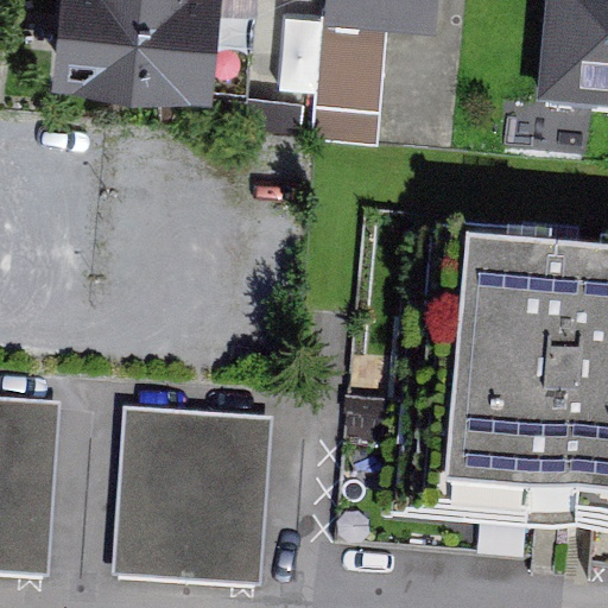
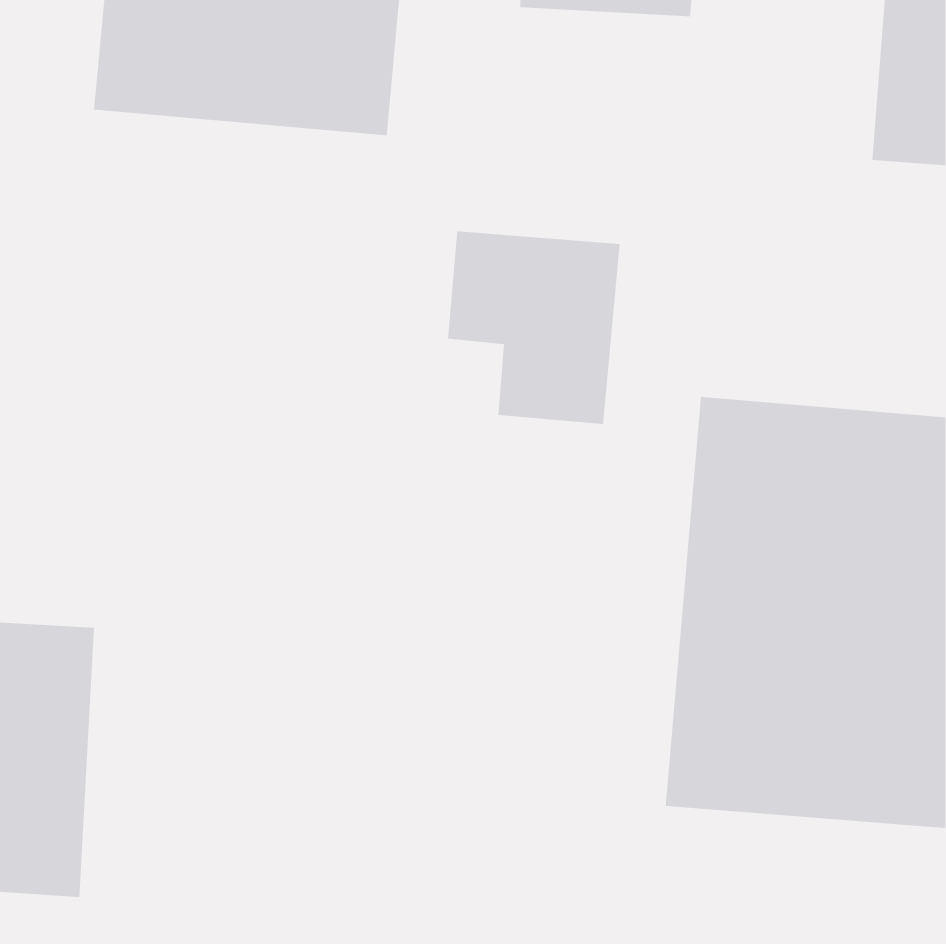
building: [278,10,388,133] -> [447,231,620,424]
building: [115,407,276,583] -> none

